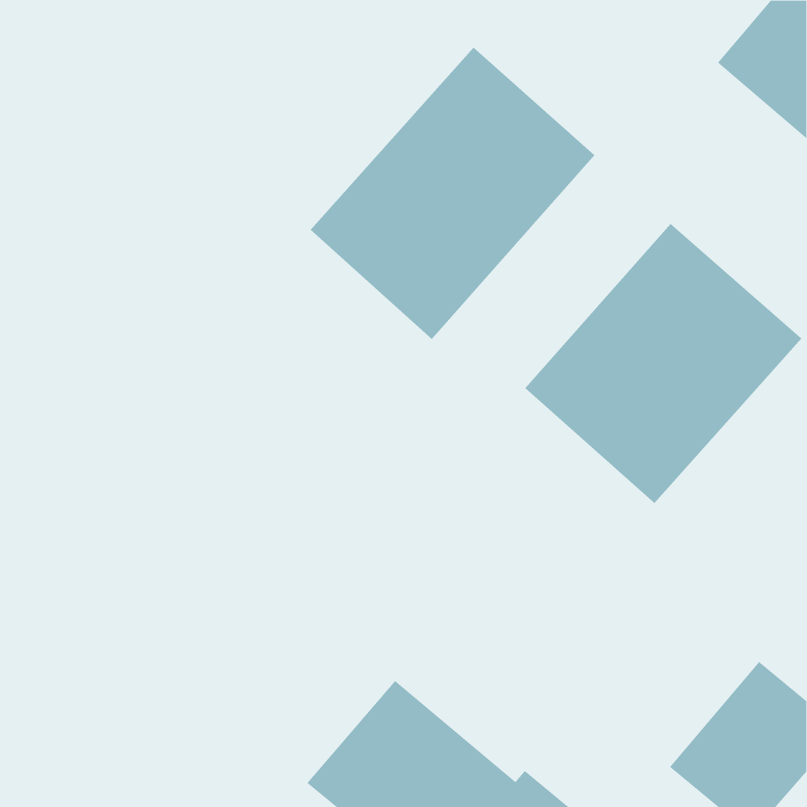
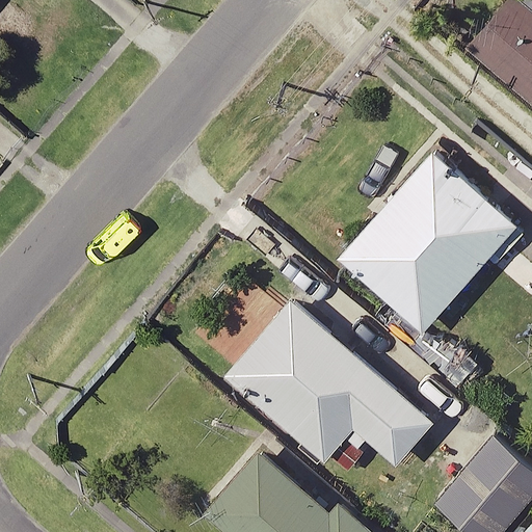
building: [310,47,595,340] -> none
building: none -> [225,300,435,469]

